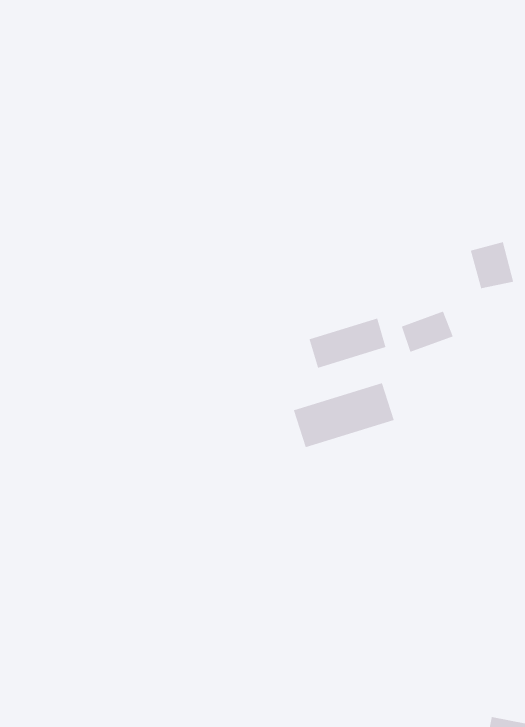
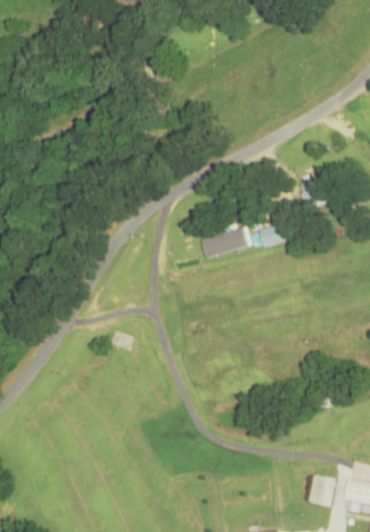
building: [293,382,395,448] -> none

